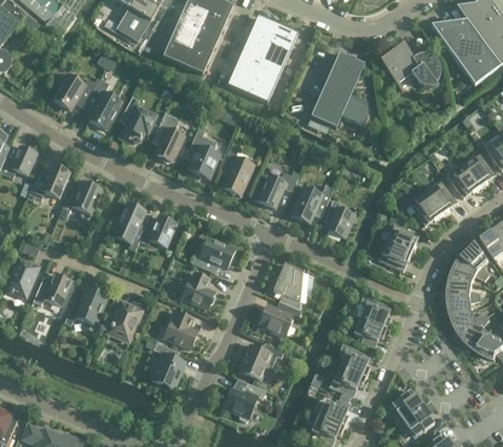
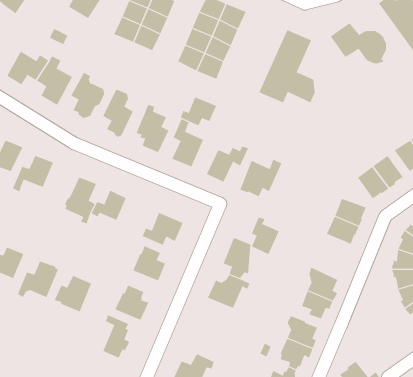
building: none -> [180,97,217,126]
building: [325,198,354,237] -> [251,217,280,255]
building: [239,341,284,378] -> none

